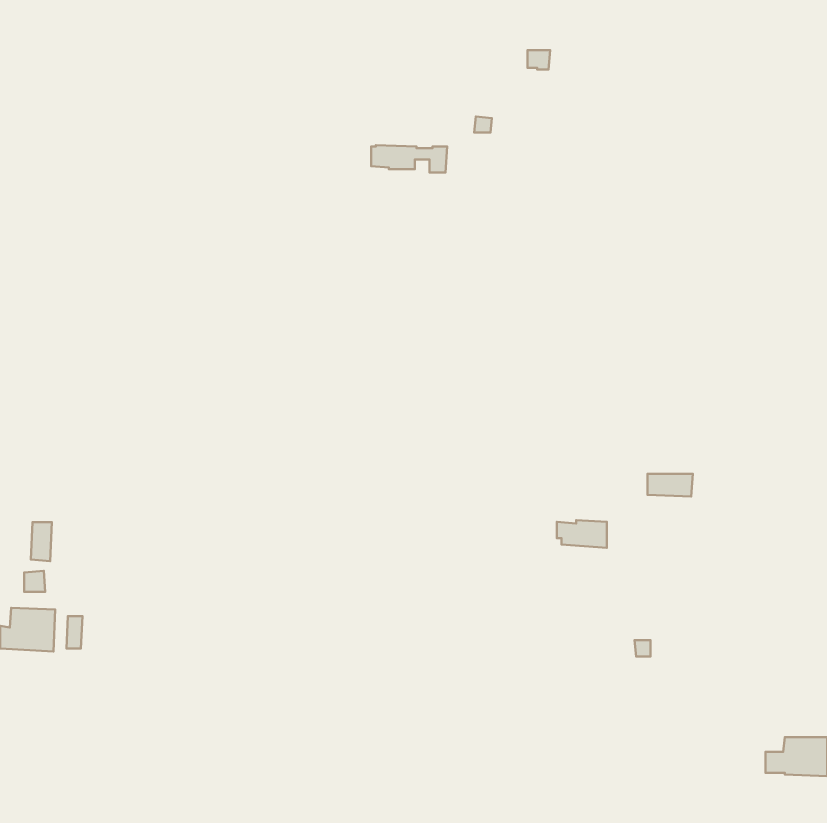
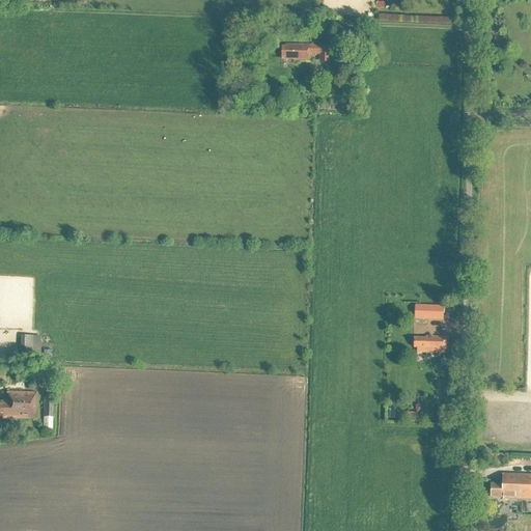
building: [371,145,447,173] -> [282,44,331,61]
building: [557,520,607,548] -> [414,335,446,353]

